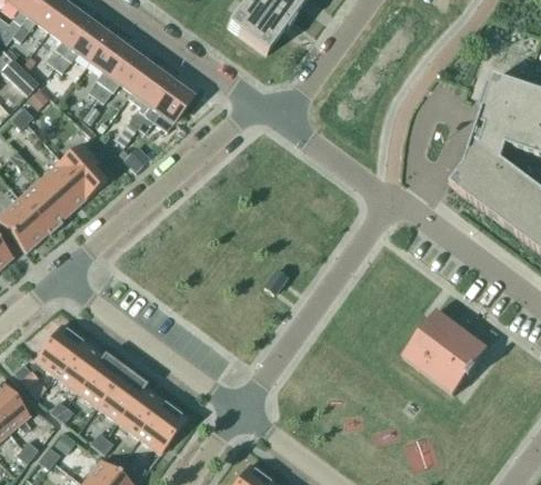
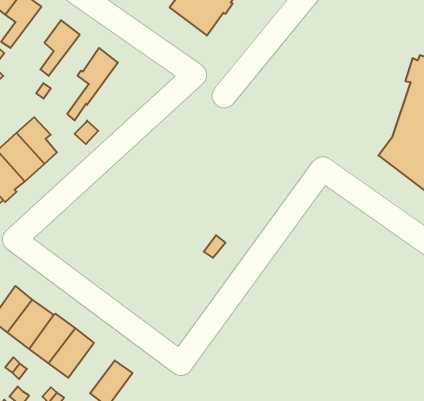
building: [57,22,111,70] -> none
building: [98,52,152,100] -> none
building: [139,82,193,133] -> none
building: [404,308,489,393] -> none
building: [119,385,169,438] -> none

